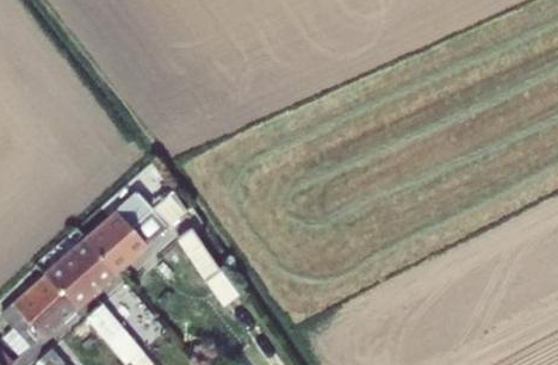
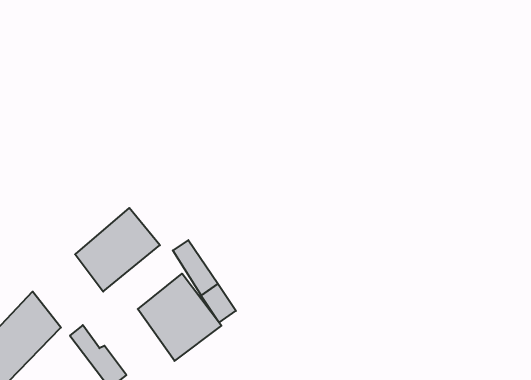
building: [45,237,112,305] -> none
building: none -> [138,274,221,361]

